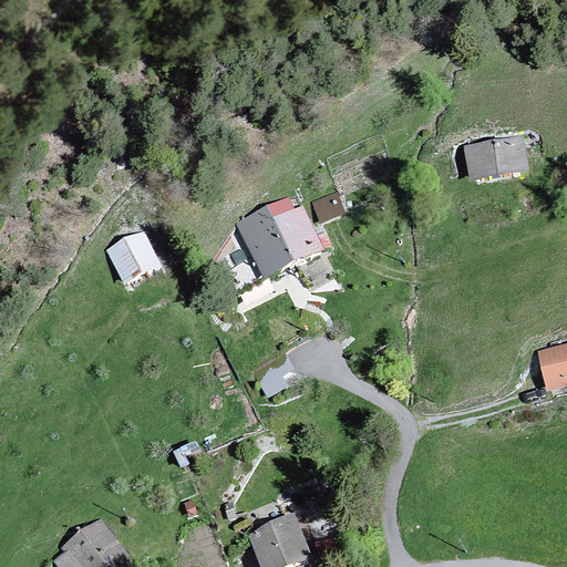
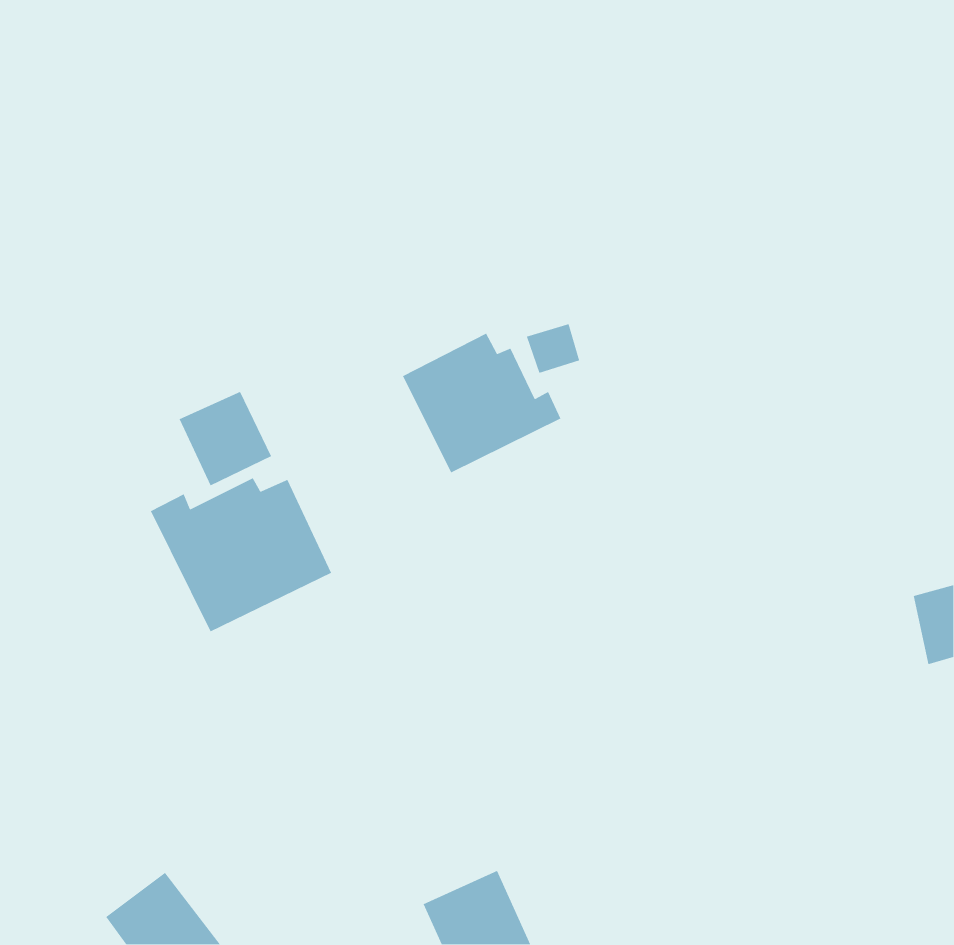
building: [464,136,527,182] -> none
building: none -> [150,477,332,632]

